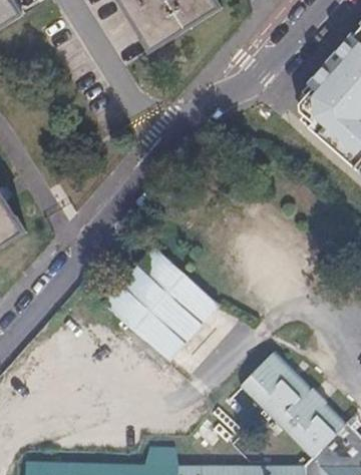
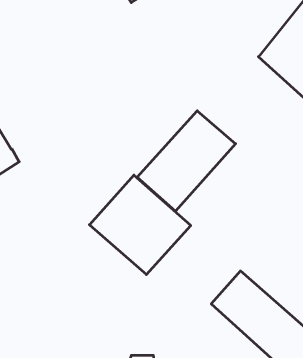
building: none -> [137,111,236,211]

